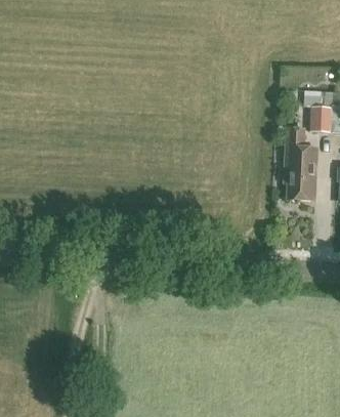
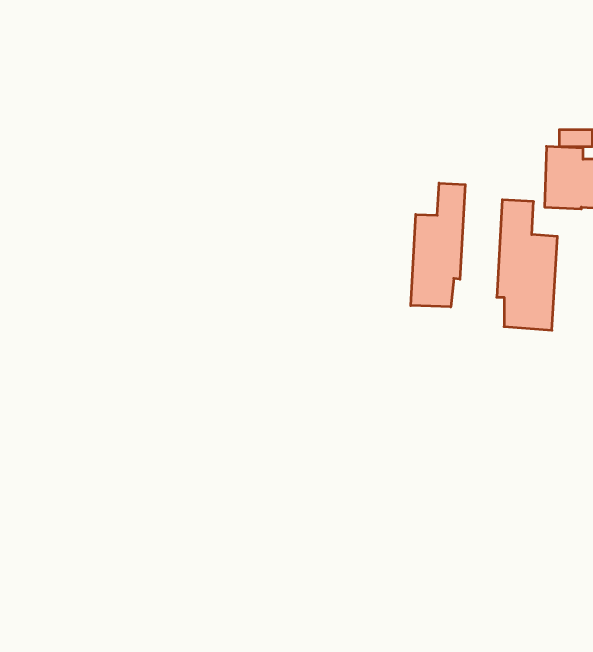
building: none -> [411,183,465,307]

